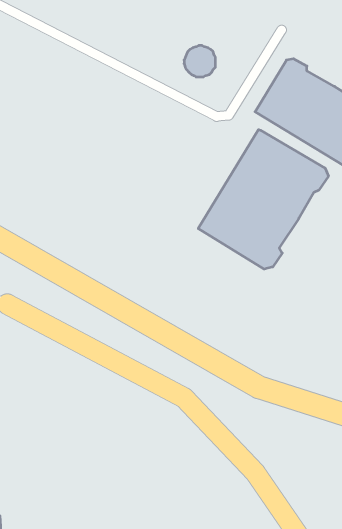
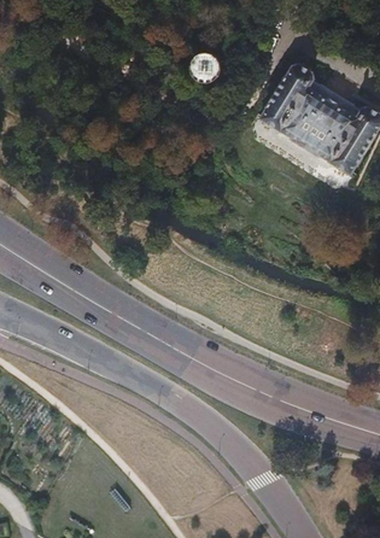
building: [198,130,328,269] -> none

